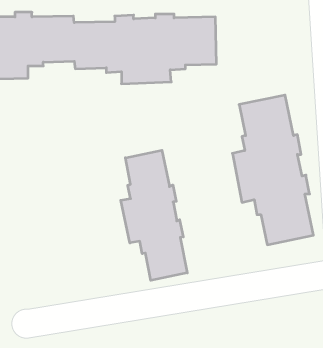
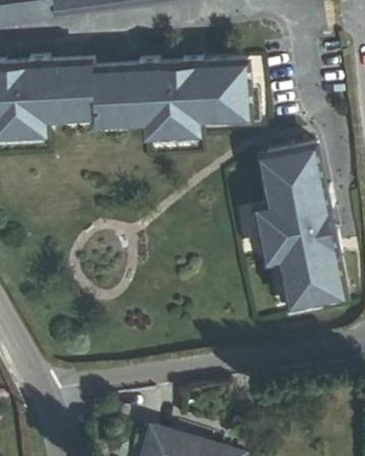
building: [121,150,187,280] -> none

